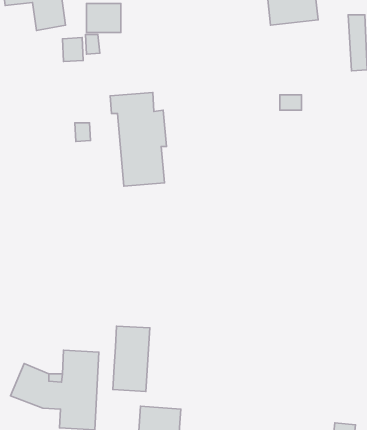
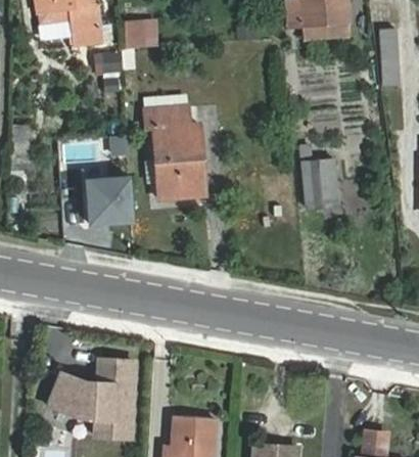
building: none -> [301,145,337,208]
building: none -> [86,176,132,223]
building: [113,326,150,391] -> none

